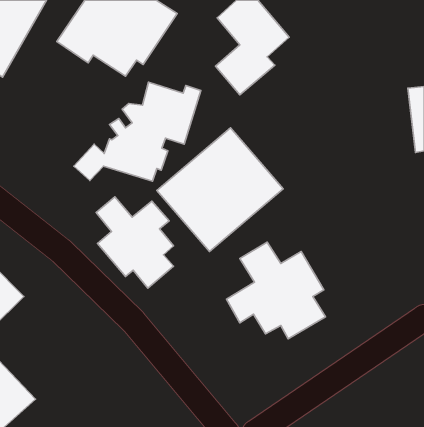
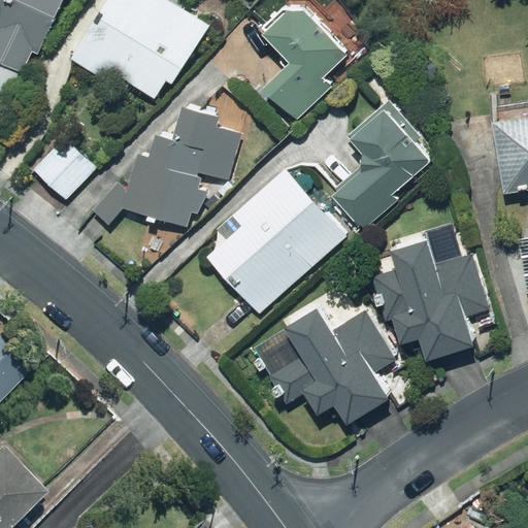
building: none -> [326,104,436,235]
building: none -> [32,135,98,201]
building: none -> [368,238,485,357]
building: [96,197,174,288] -> none

